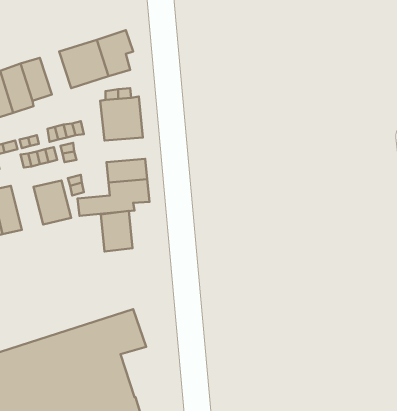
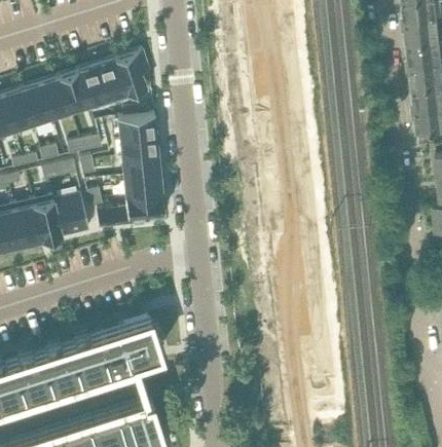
building: none -> [60,71,89,112]
building: none -> [121,153,160,177]
building: none -> [32,195,63,241]
building: [101,211,133,251] -> none

